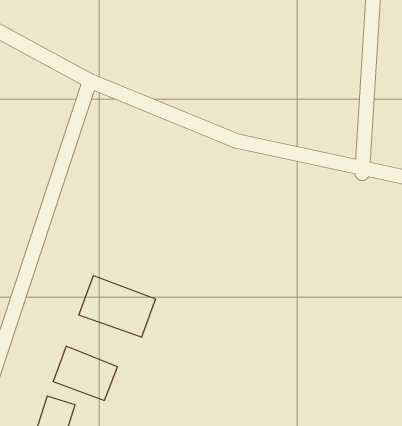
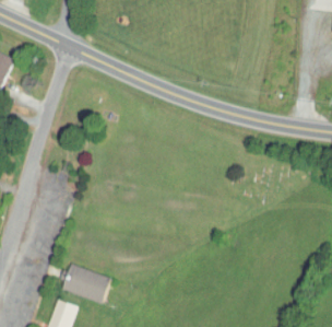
building: [79,276,155,337] -> none

